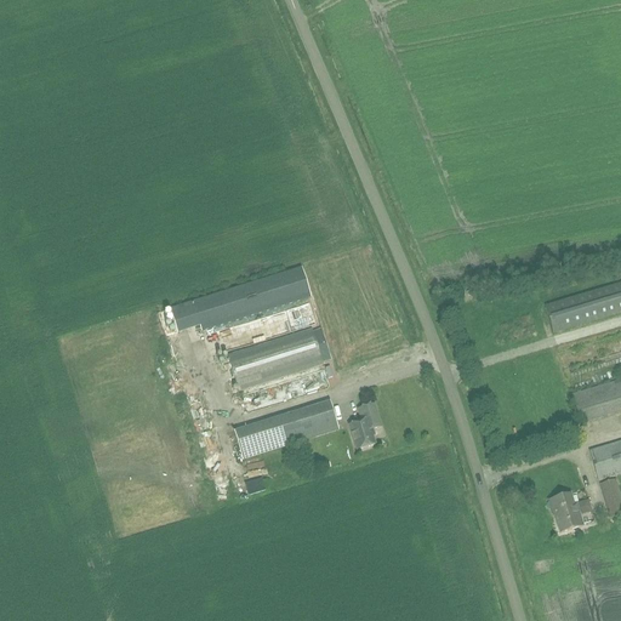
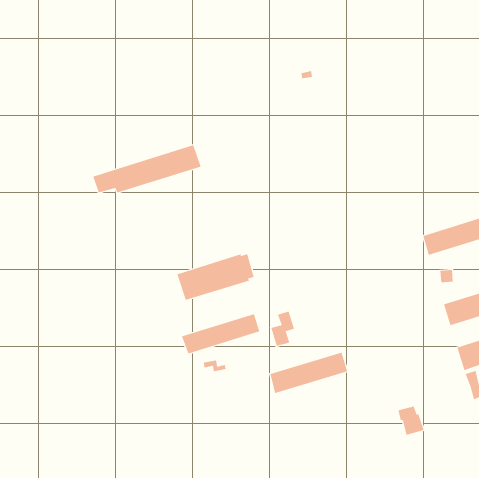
building: [171,266,312,329] -> [92,144,201,193]
building: none -> [270,352,348,394]
building: [549,492,585,531] -> [397,406,425,436]

